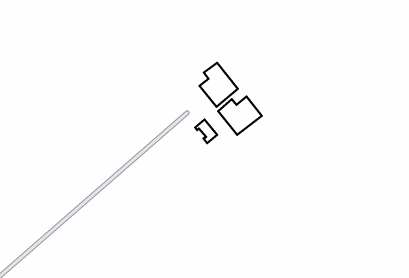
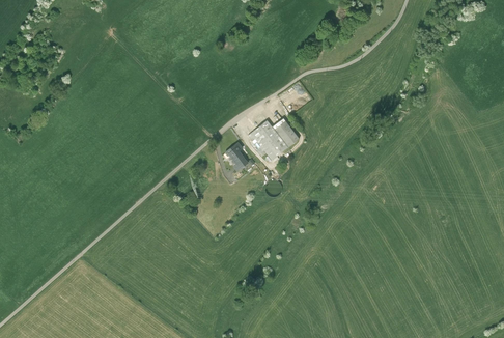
building: [199,63,238,107] -> none

